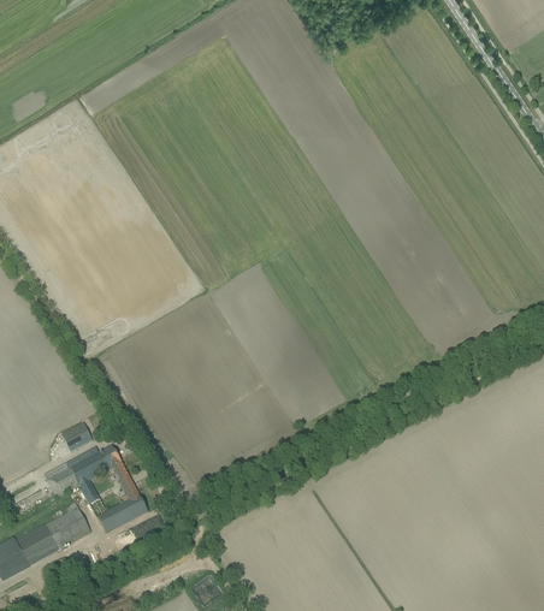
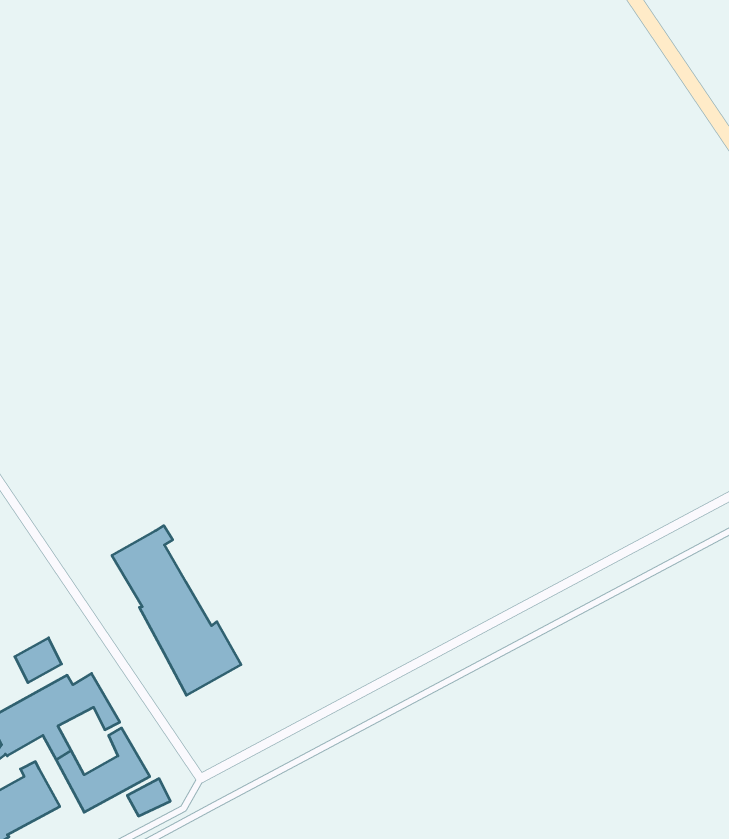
building: none -> [112,526,241,695]

